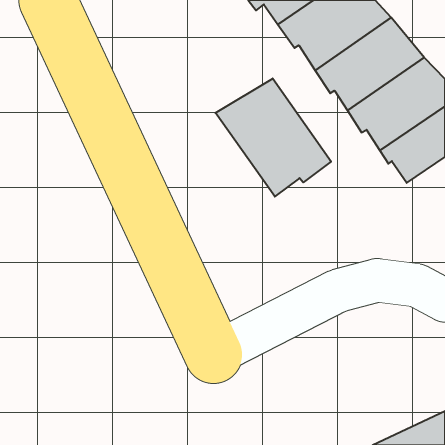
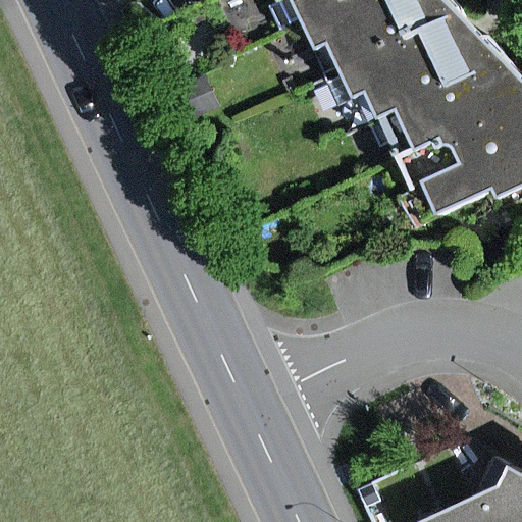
building: [215,78,331,197] -> none

